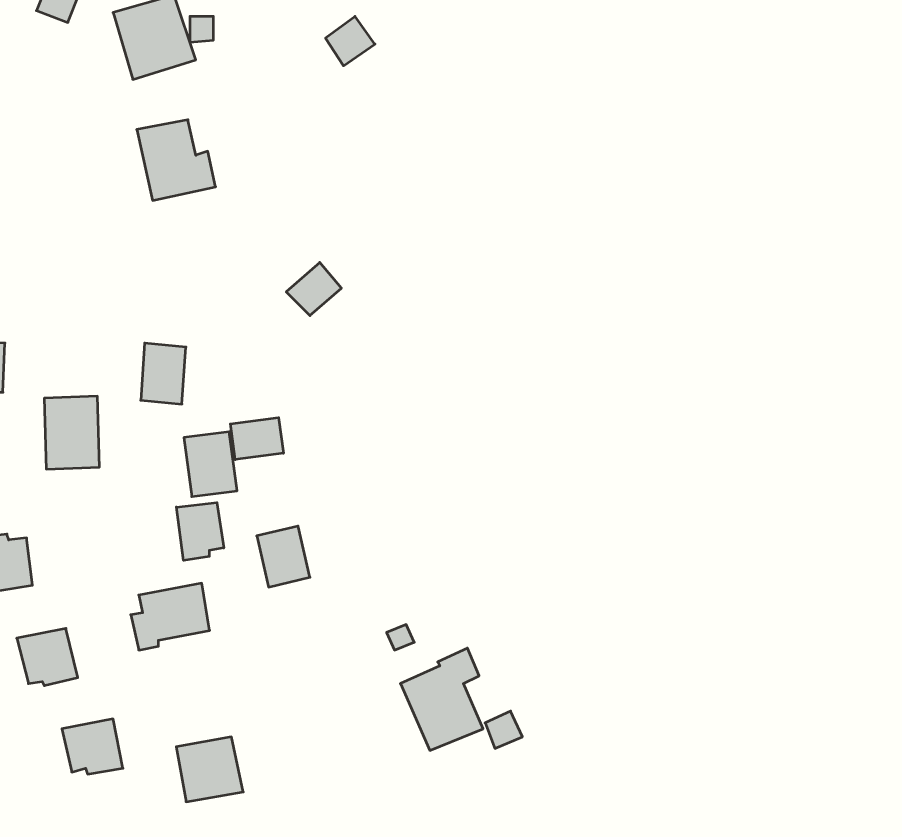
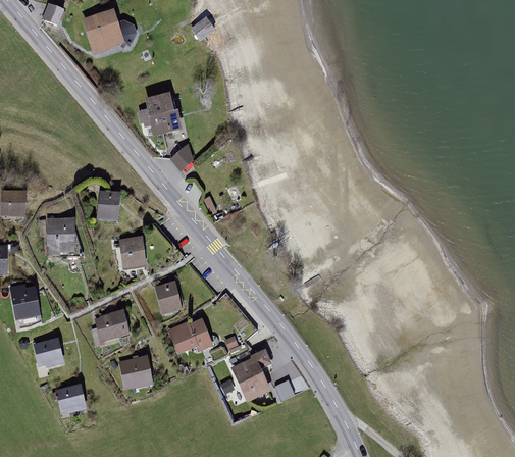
building: [137,120,216,200] -> [144,92,185,134]
building: [230,418,283,460] -> none
building: [176,503,224,560] -> none
building: none -> [167,319,212,355]
building: [176,737,243,802] -> [118,355,153,389]

